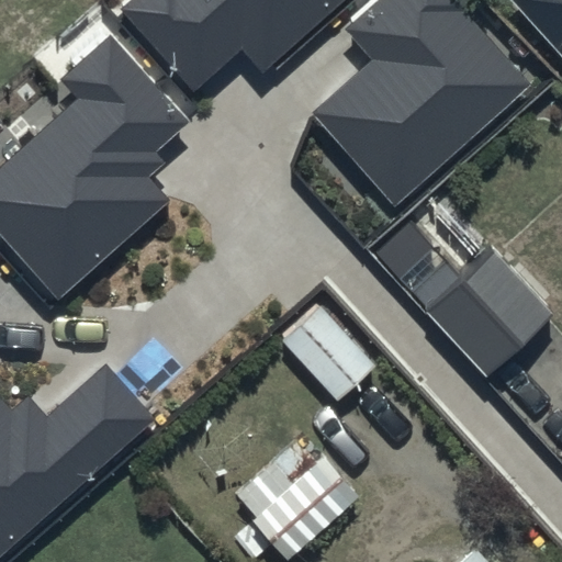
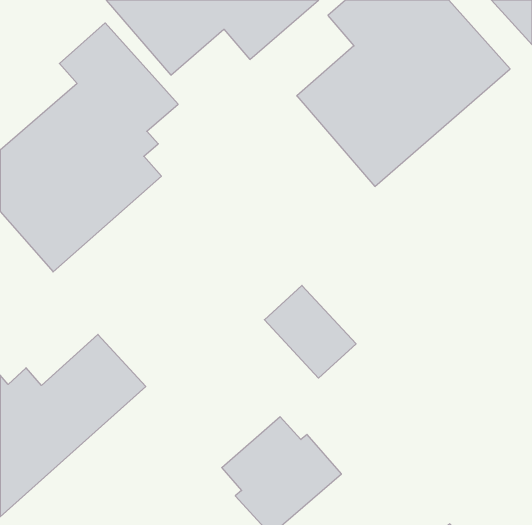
building: [419,252,553,386] -> none

